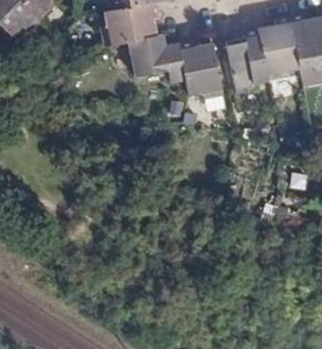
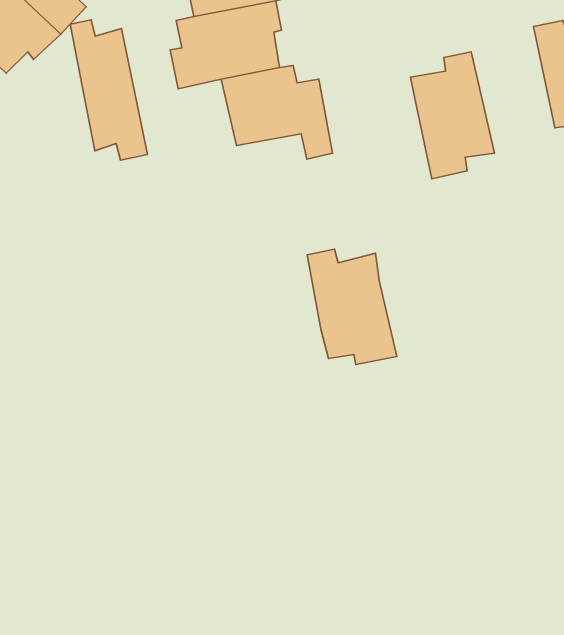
building: none -> [70,20,147,160]
building: [262,14,306,80] -> none
building: [183,39,230,98] -> [307,249,397,364]

